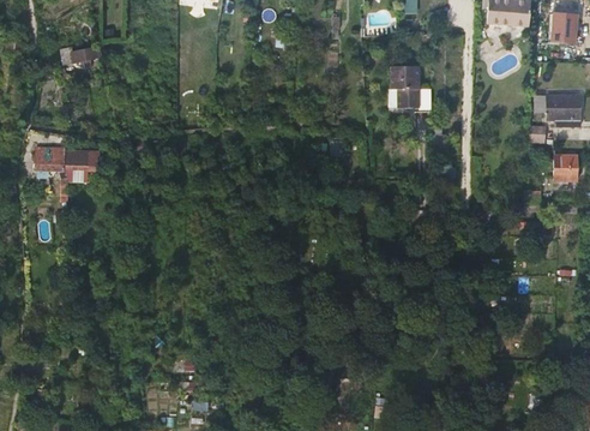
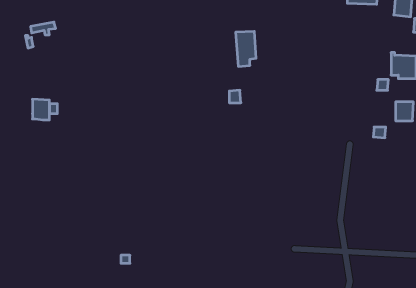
building: [395,59,422,106] -> [236,31,256,66]
building: [37,150,66,170] -> none

